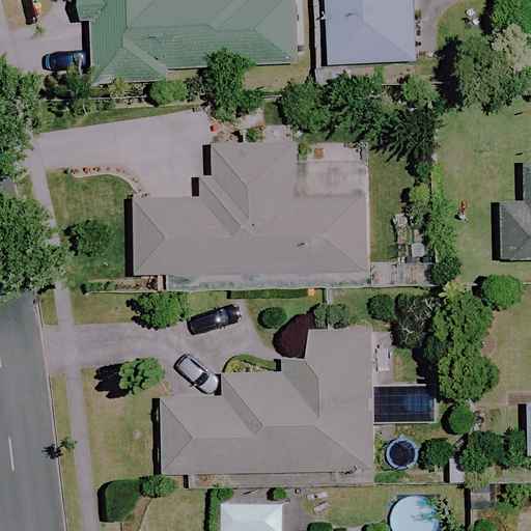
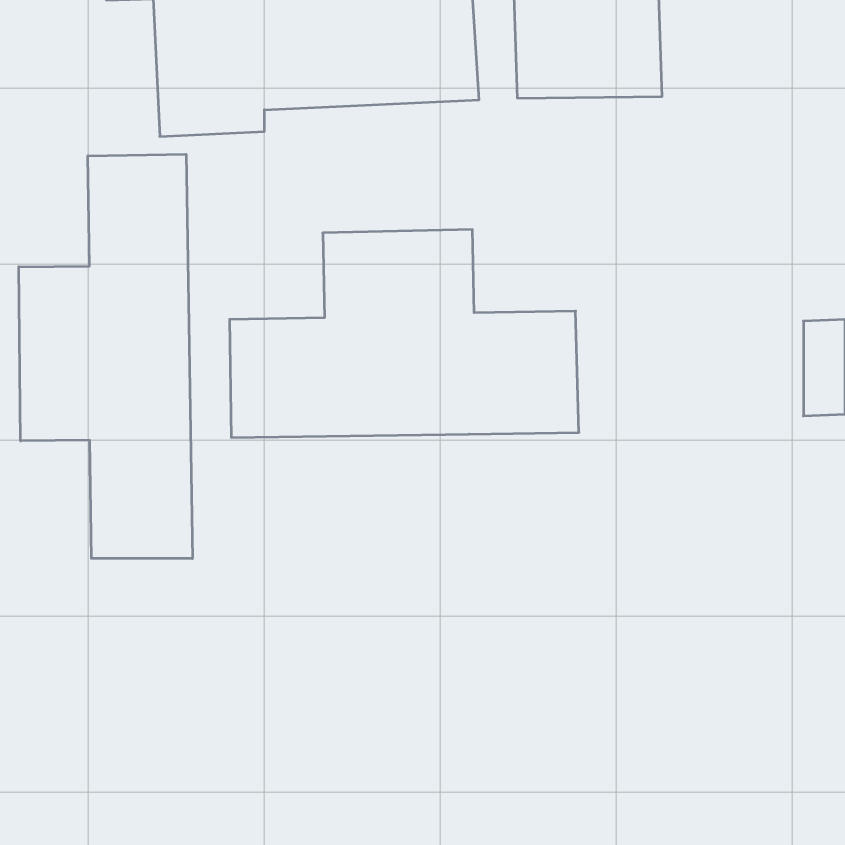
building: none -> [19,154,192,559]
building: [167,330,369,470] -> none

